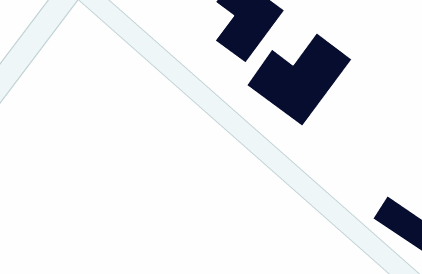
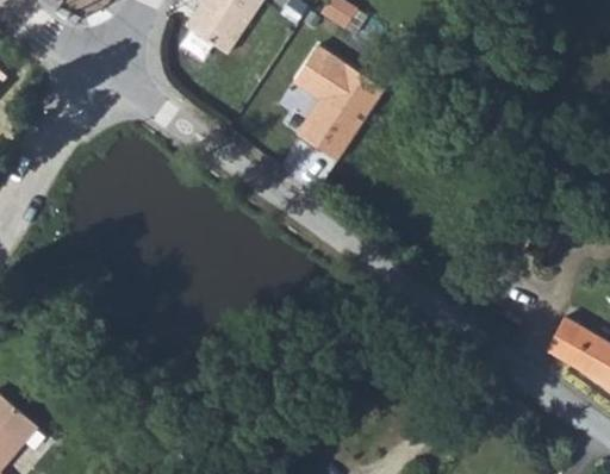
building: [246,33,352,127] -> none

